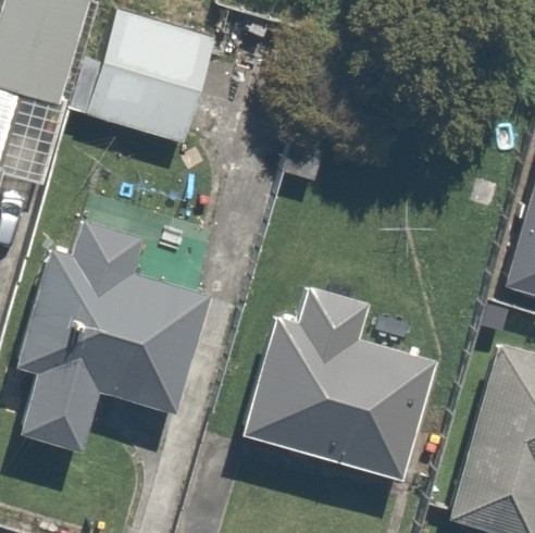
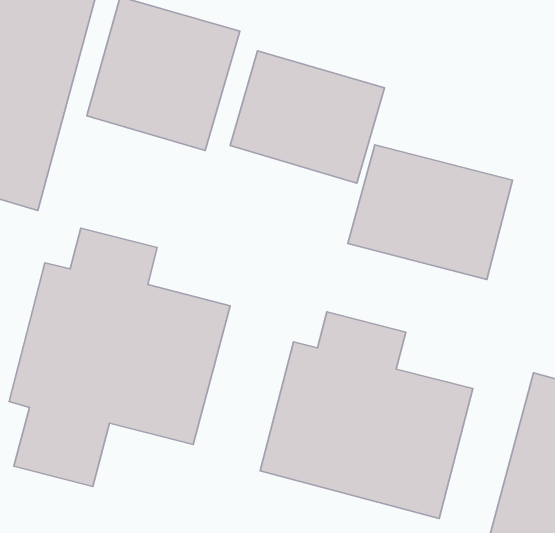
building: none -> [230,51,384,183]
building: none -> [348,145,512,280]

